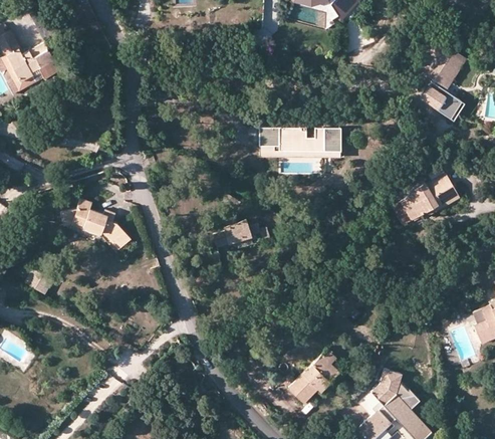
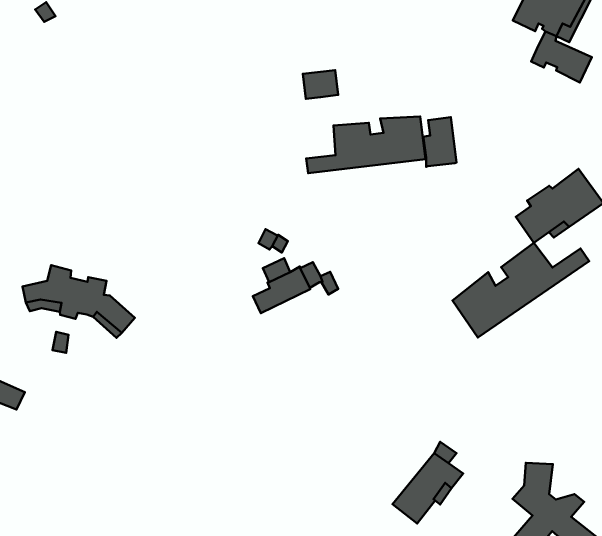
building: [257,129,279,146] -> [303,70,338,99]
building: none -> [423,117,456,167]
building: none -> [452,243,589,337]

